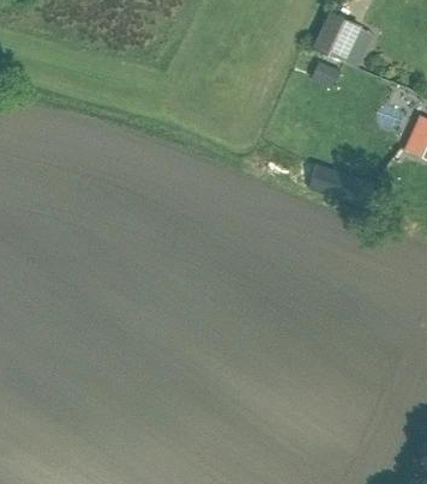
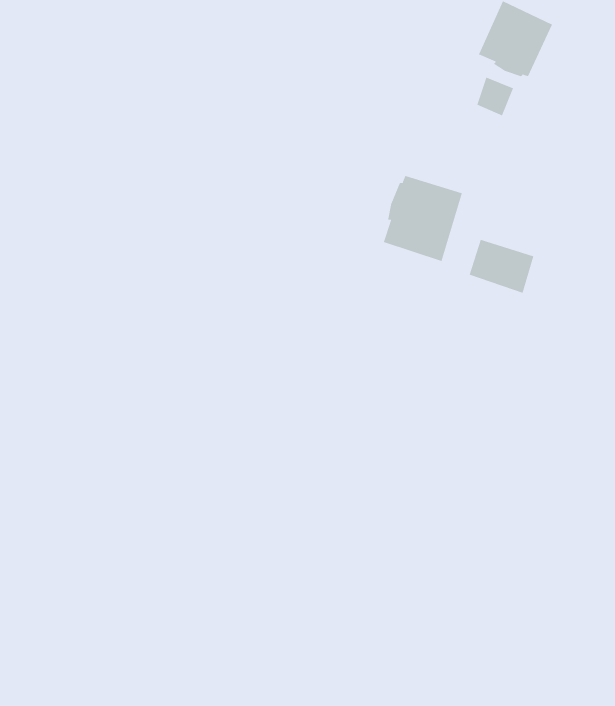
building: none -> [383,175,462,262]

